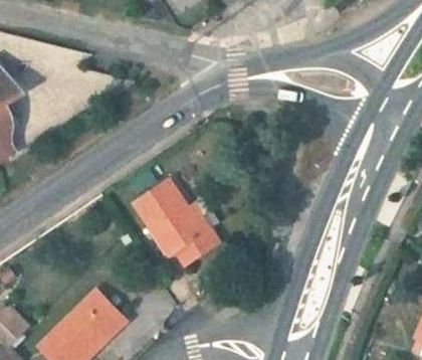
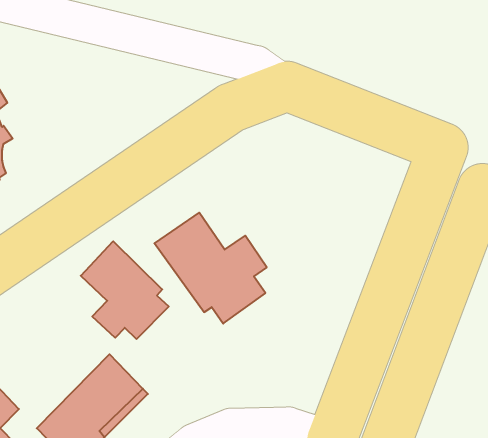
building: none -> [81,241,169,339]

